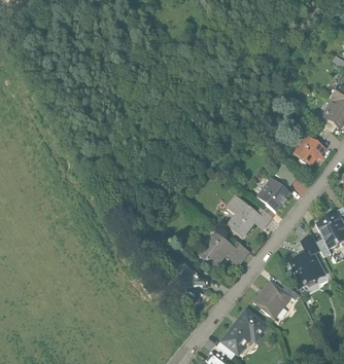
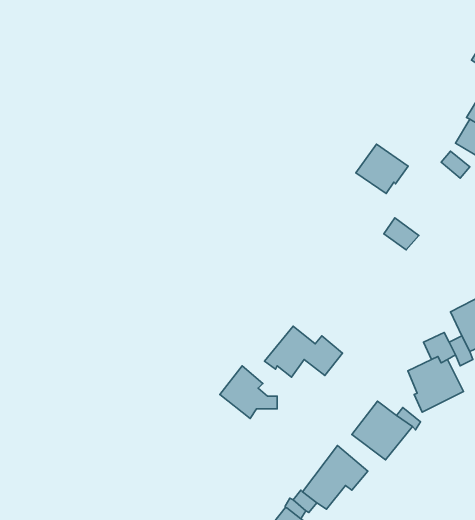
building: [290,132,324,163] -> [356,144,408,193]
building: [254,176,289,210] -> none
building: [226,193,272,235] -> none

